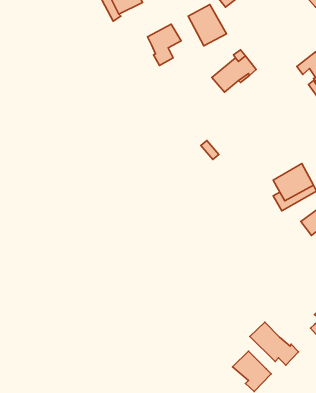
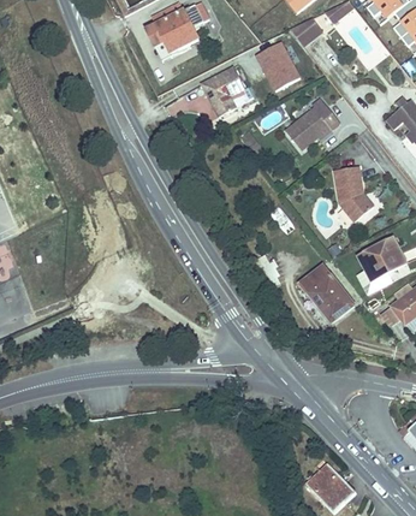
building: none -> [333,165,372,220]
building: none -> [295,262,352,321]
building: [250,322,299,365] -> none

